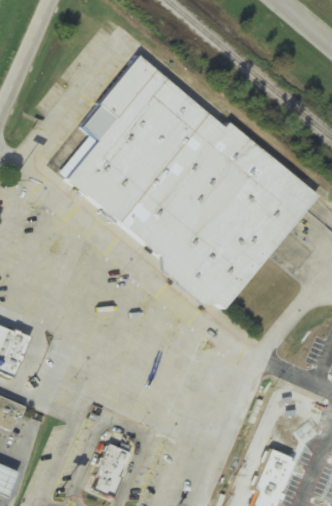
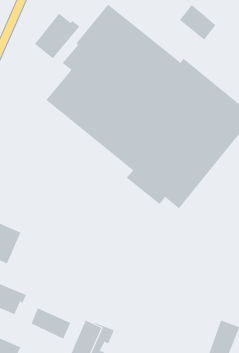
building: none -> [179,4,216,40]
building: none -> [34,13,80,59]
building: none -> [31,308,71,340]

